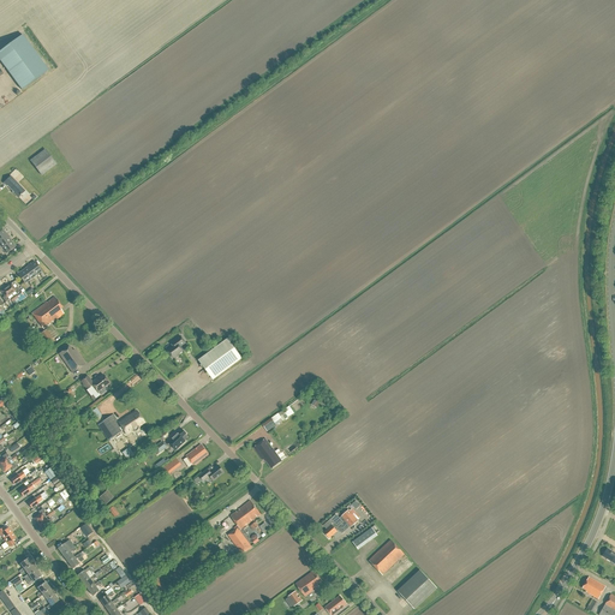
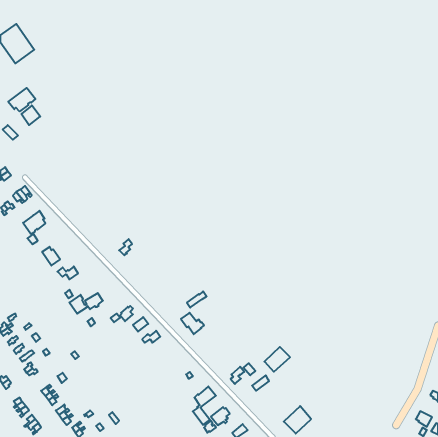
building: none -> [8,88,35,111]
building: [198,338,241,378] -> none
building: [228,500,261,554] -> [193,386,216,425]
building: [369,539,405,574] -> [264,347,290,372]

